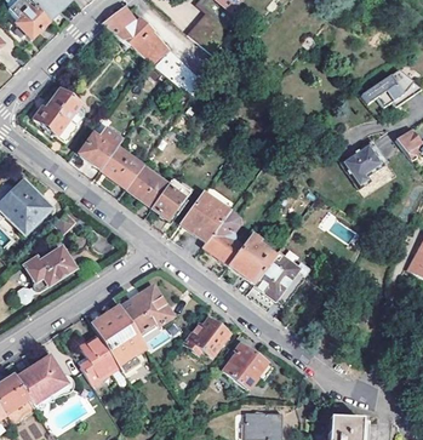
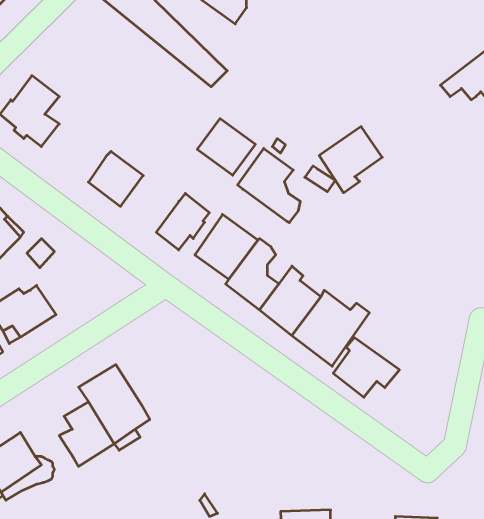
building: [78,131,113,167] -> none
building: [342,138,389,188] -> [319,127,382,193]
building: none -> [238,148,300,223]
building: [124,162,167,205] -> [197,119,255,175]
building: [120,284,171,335] -> none
building: [183,316,228,355] -> none
building: [224,342,274,387] -> [333,338,399,397]

